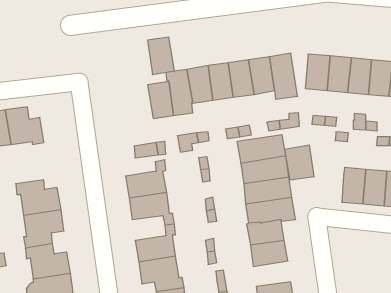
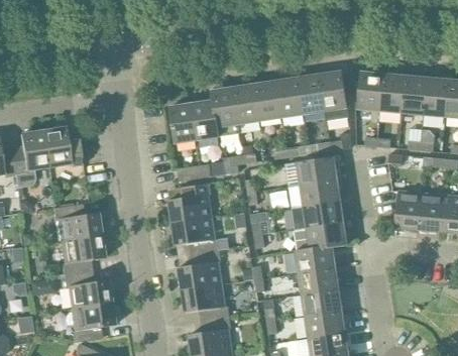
building: [148,37,175,75] -> [168,104,197,143]
building: [285,145,314,180] -> none
building: none -> [302,288,341,316]

